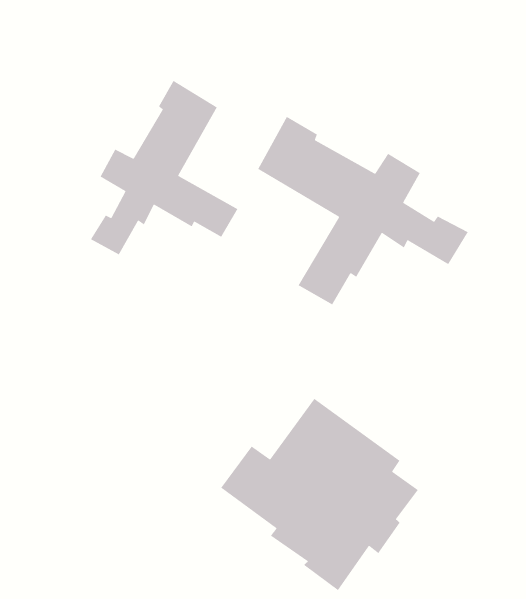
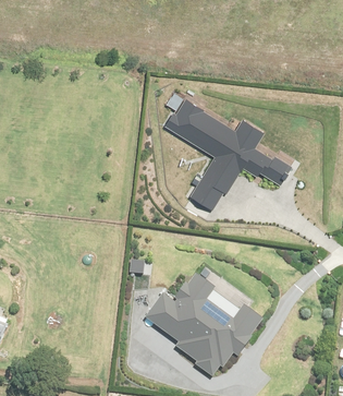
building: [90,80,239,256] -> none

